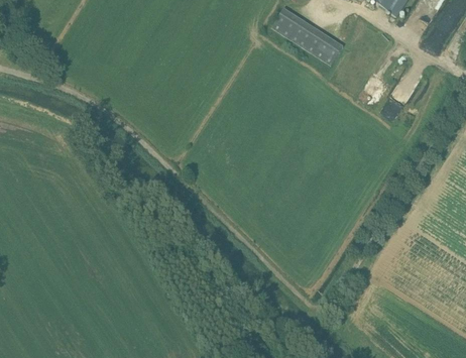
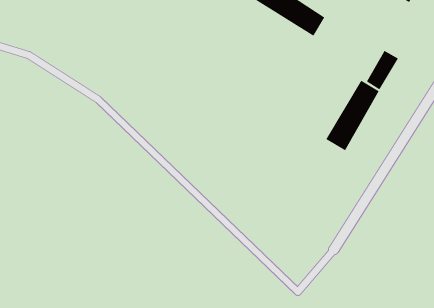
building: none -> [325,80,379,151]

